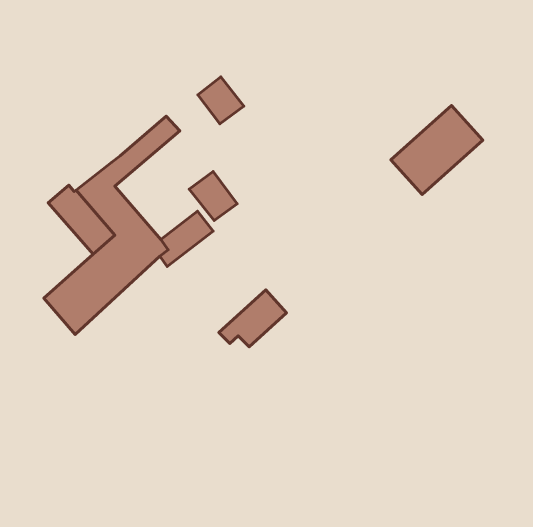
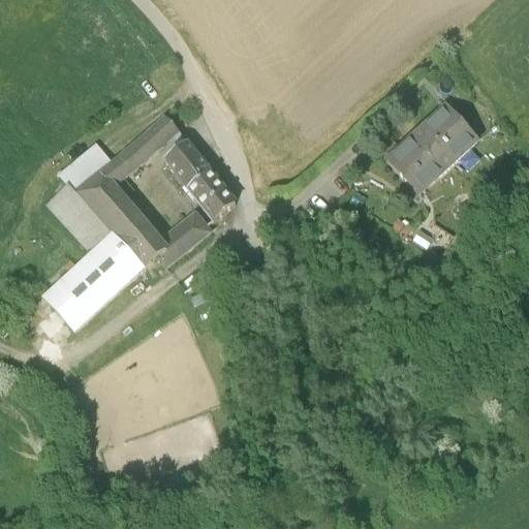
building: [198,77,244,124] -> [166,141,212,187]
building: none -> [60,142,112,189]
building: [219,290,287,347] -> none

